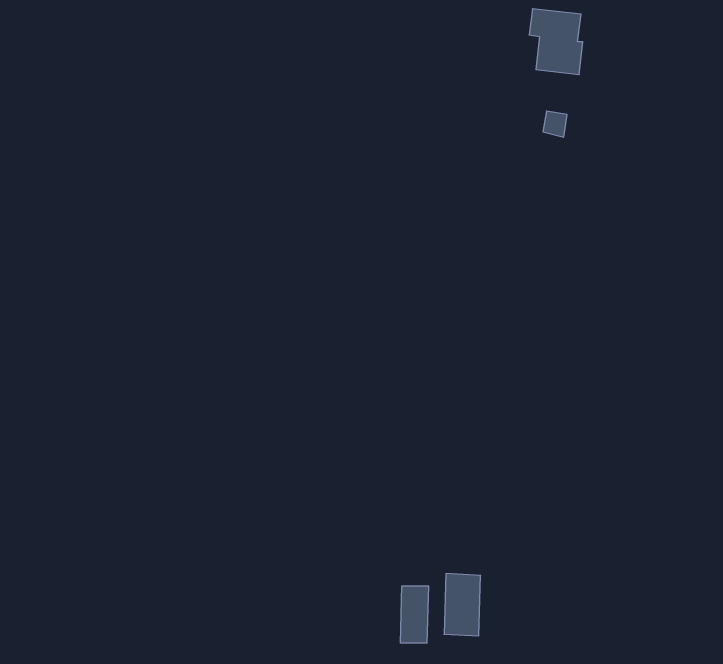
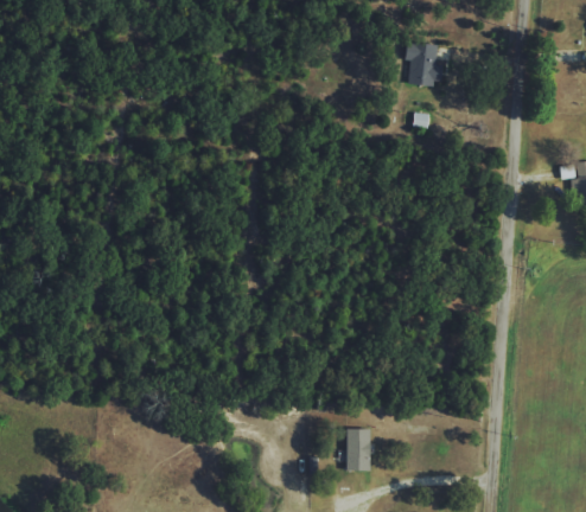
building: [400,586,429,643] -> none

